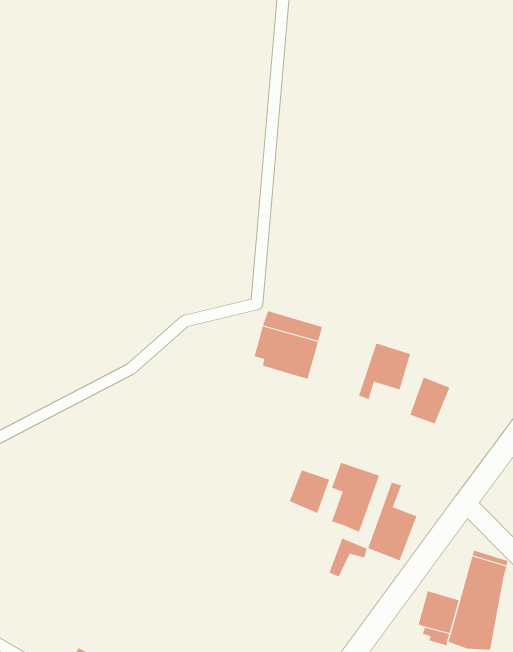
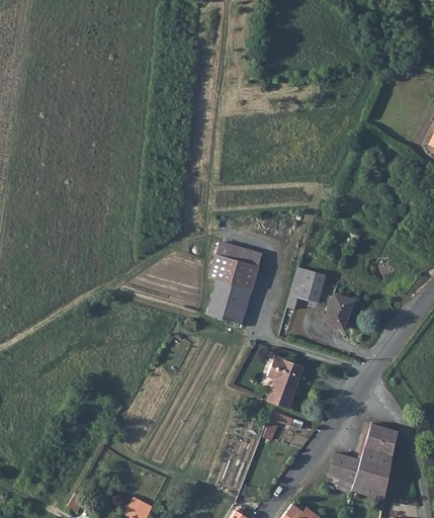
building: none -> [205,284,249,325]
building: [289,469,330,514] -> none
building: [368,482,417,561] -> none

